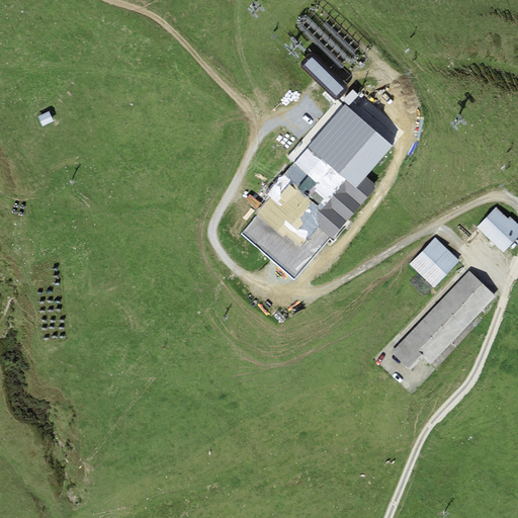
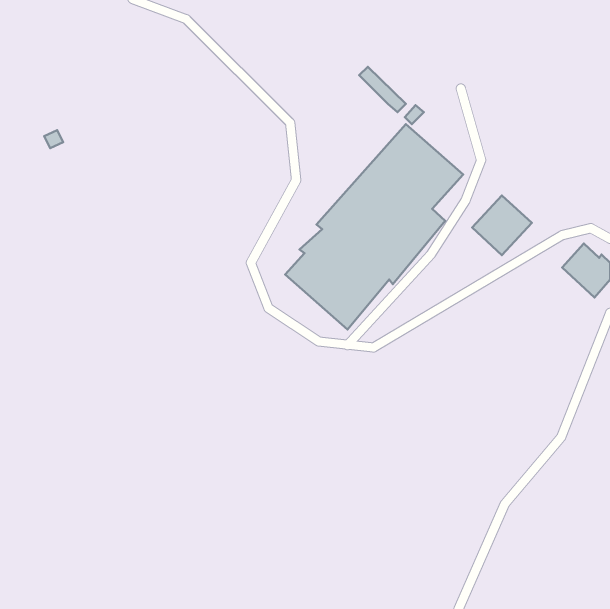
building: [409,237,459,287] -> [472,195,532,255]
building: [391,270,497,369] -> none

